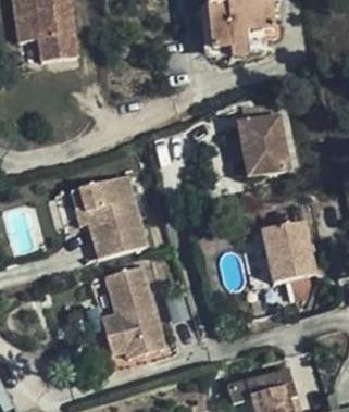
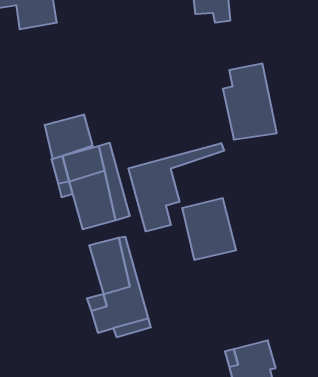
building: none -> [45,114,93,159]
building: none -> [128,143,224,231]
building: [264,219,317,279] -> [182,198,236,260]

